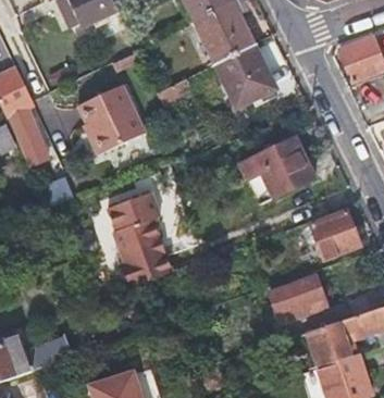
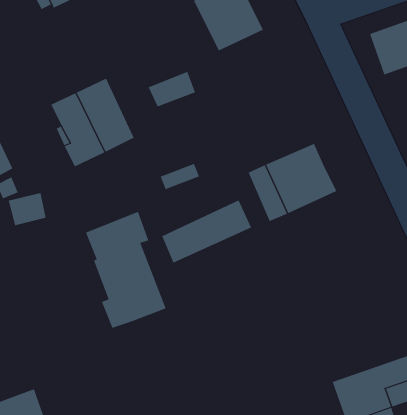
building: [215,43,273,104] -> none
building: none -> [161,200,252,264]
building: [309,207,359,257] -> none
building: [270,275,327,322] -> none

